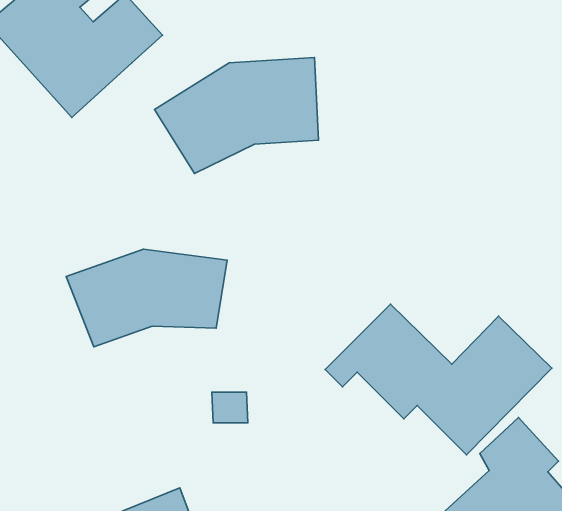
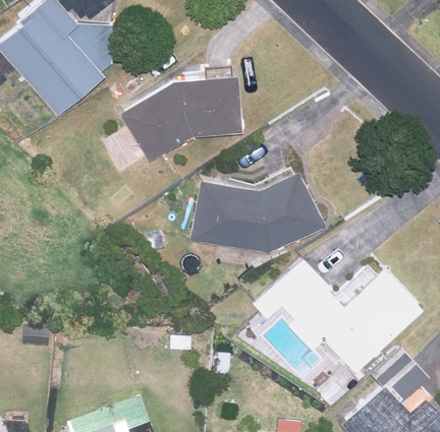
building: none -> [193,165,329,253]
building: [66,249,227,347] -> none

